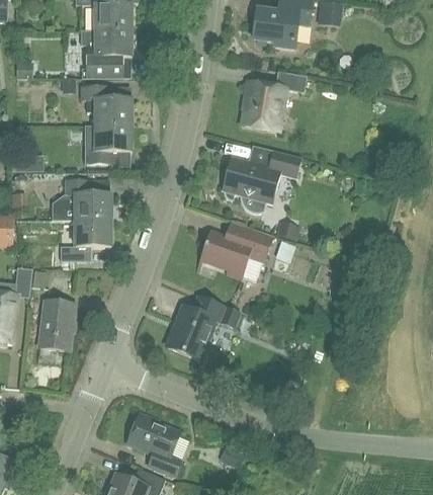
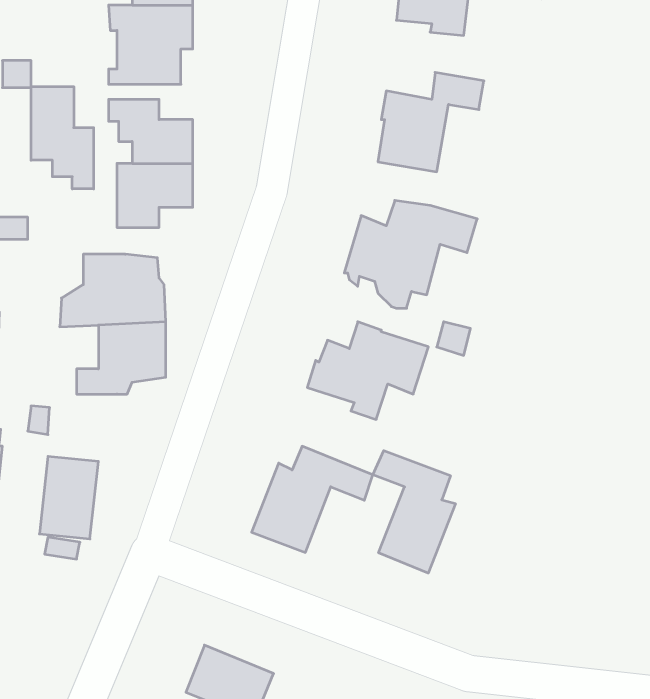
building: none -> [31,87,94,189]
building: none -> [373,451,455,573]

